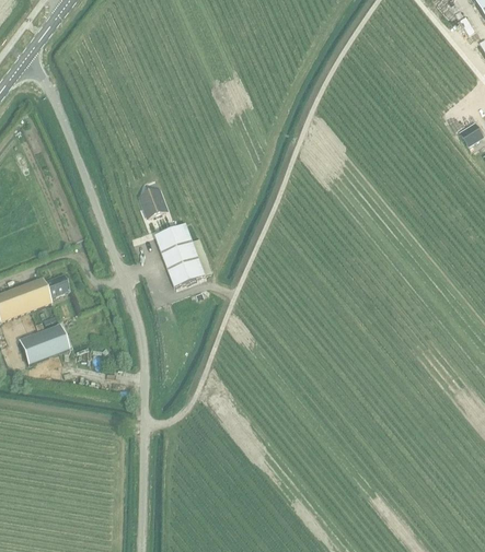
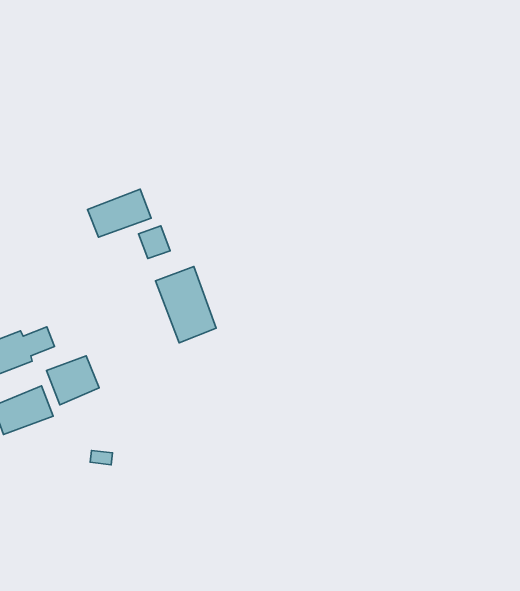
building: none -> [87,189,151,237]
building: none -> [46,356,99,405]

